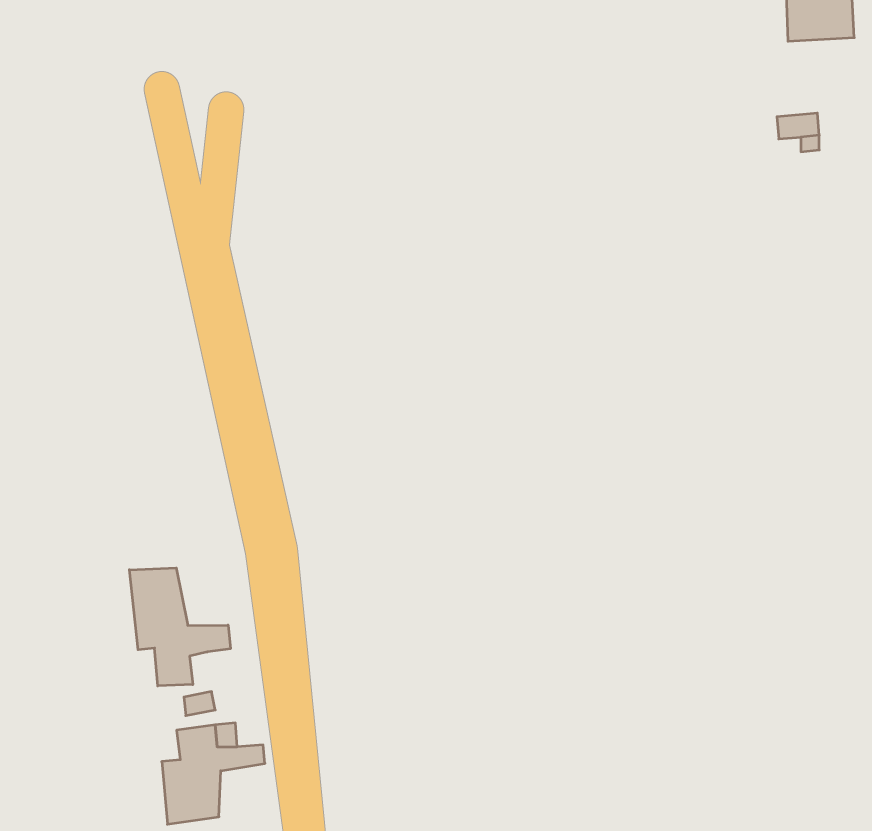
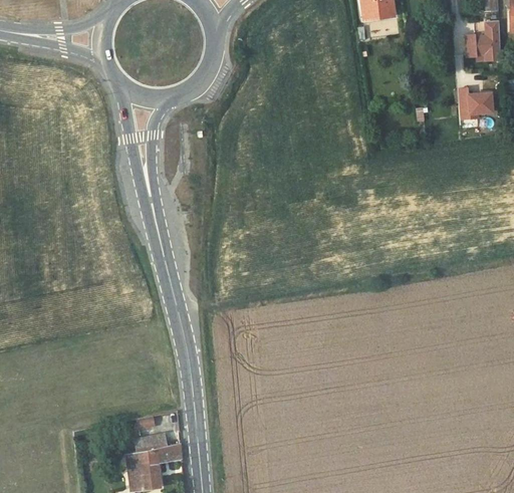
building: [129,568,230,686] -> none

